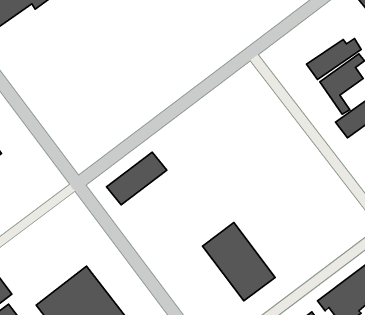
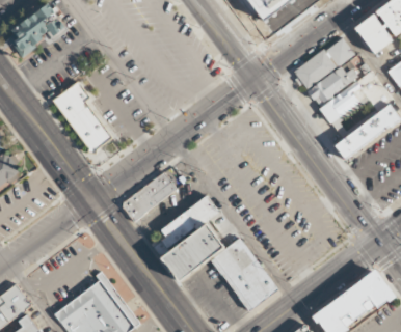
building: none -> [292,37,353,88]
building: none -> [51,81,110,151]
building: none -> [154,195,224,281]

